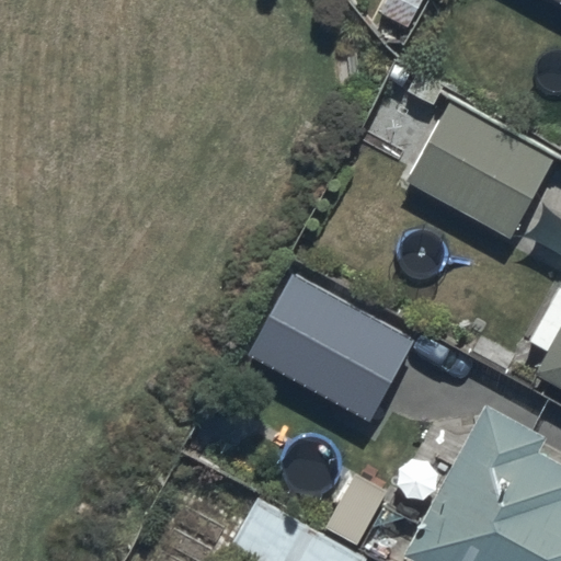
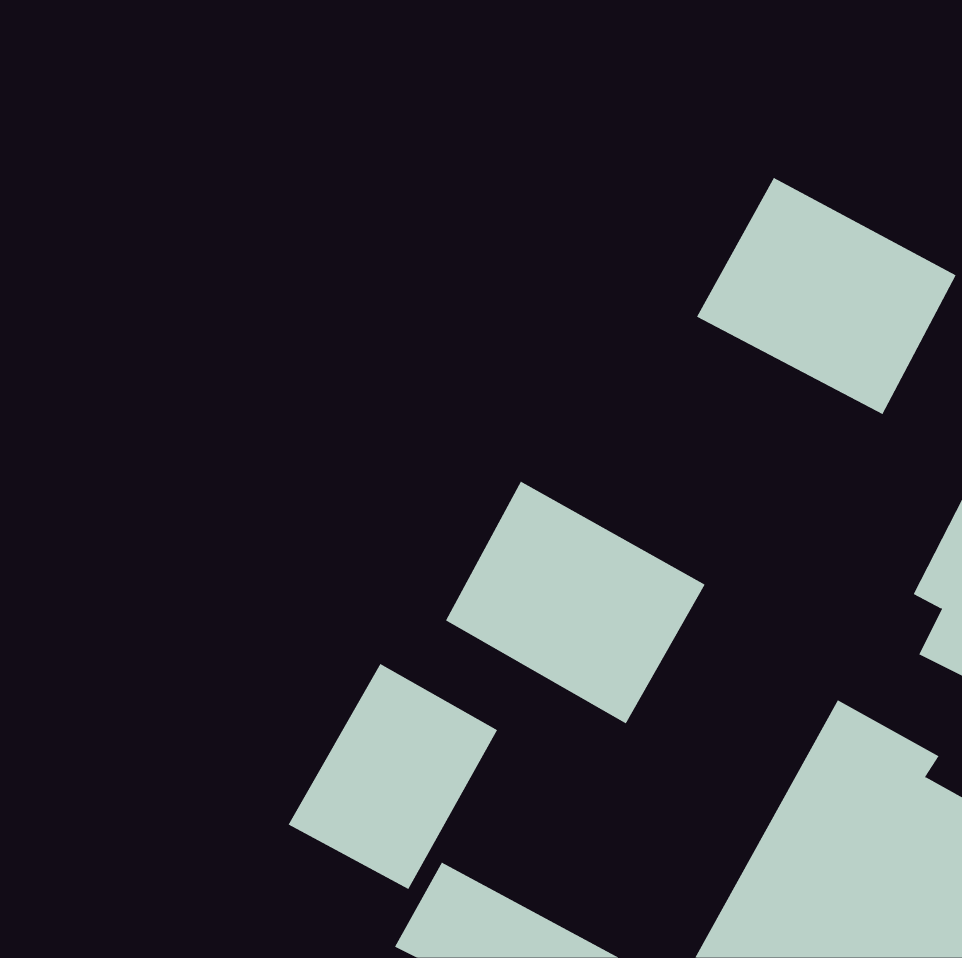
building: none -> [288,663,498,890]

